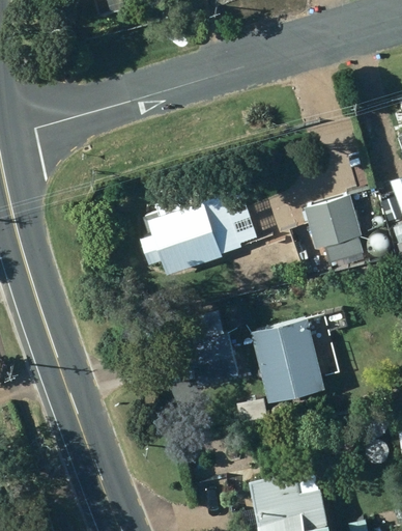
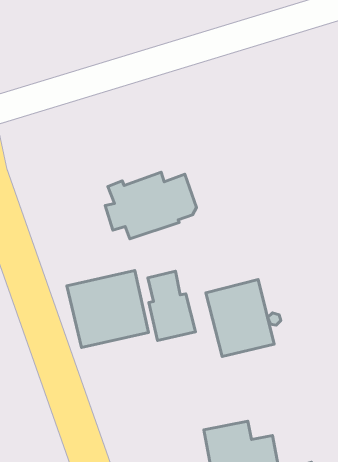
building: [305,194,363,257] -> none
building: none -> [67,270,149,347]

